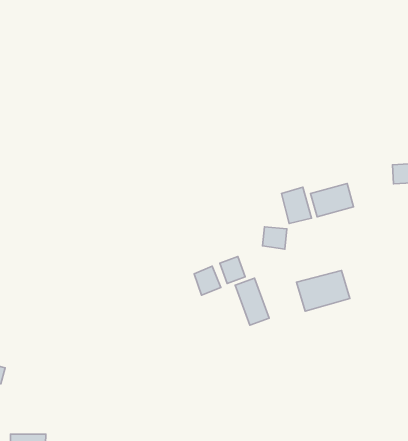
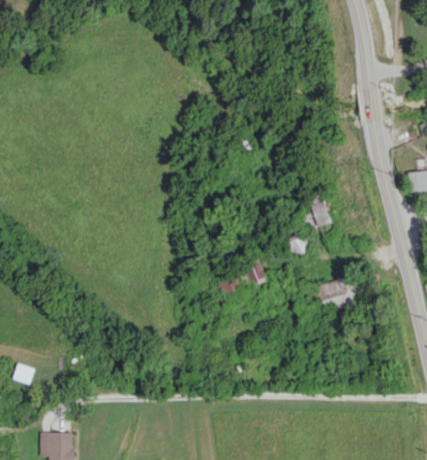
building: [311,183,354,217] -> none
building: [235,278,269,325] -> none

